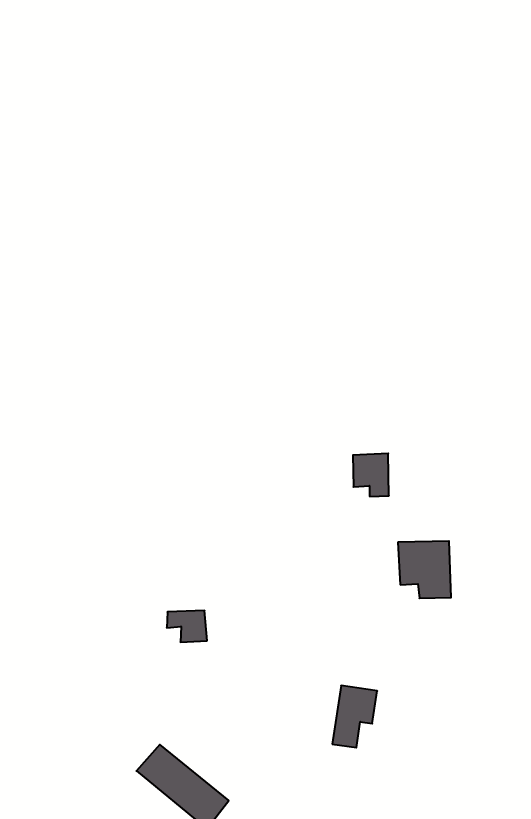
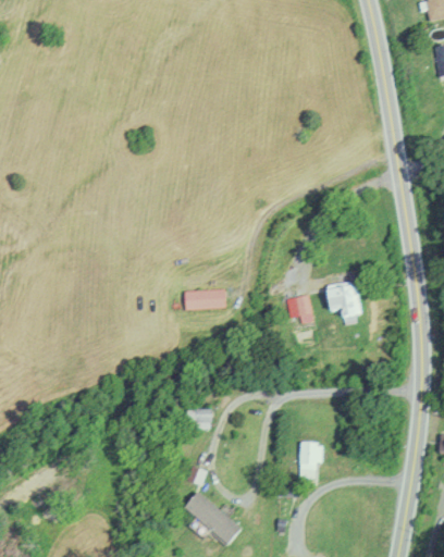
building: none -> [184,290,225,308]
building: [398,541,451,598] -> [323,281,361,319]

